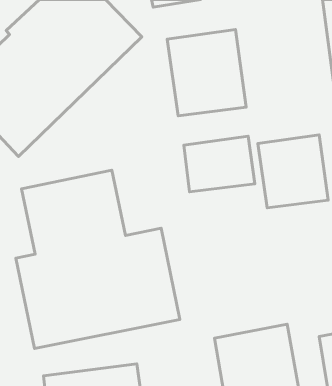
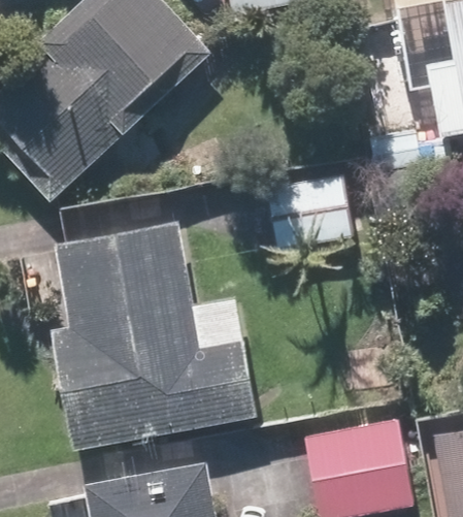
building: [167,29,246,116] -> none
building: [258,135,328,208] -> none

